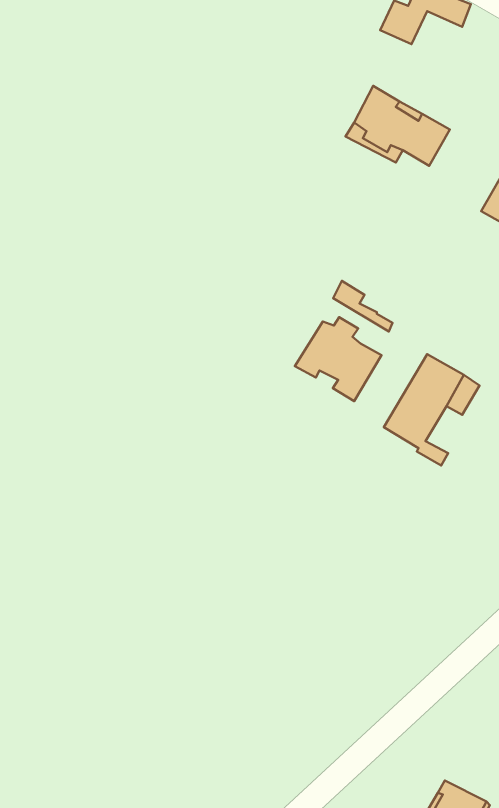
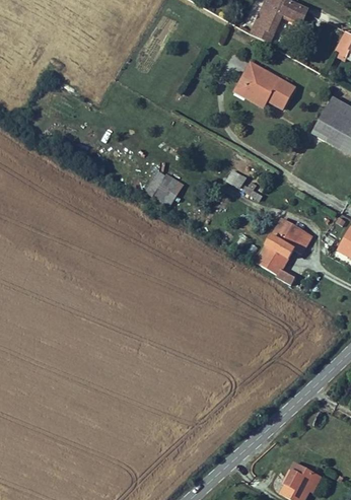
building: none -> [153,175,183,208]
building: [295,317,382,401] -> none

